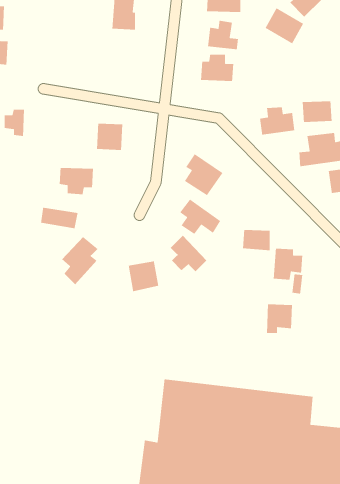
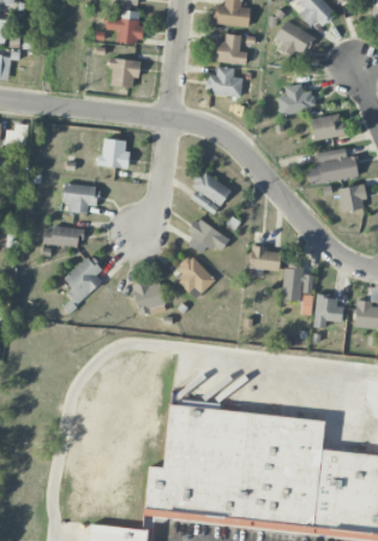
building: none -> [110,58,138,87]
building: [259,106,295,136] -> [278,84,316,114]
building: [266,303,293,334] -> [314,296,342,327]

